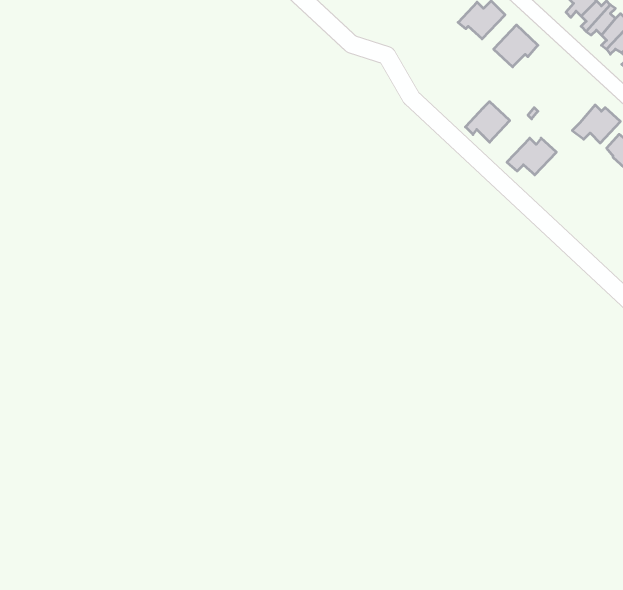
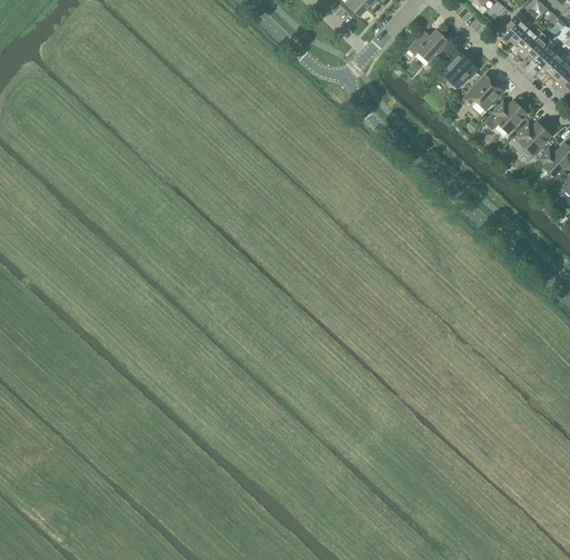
building: [465,102,510,142] -> [465,75,504,110]
building: [507,138,556,175] -> [485,100,529,132]

